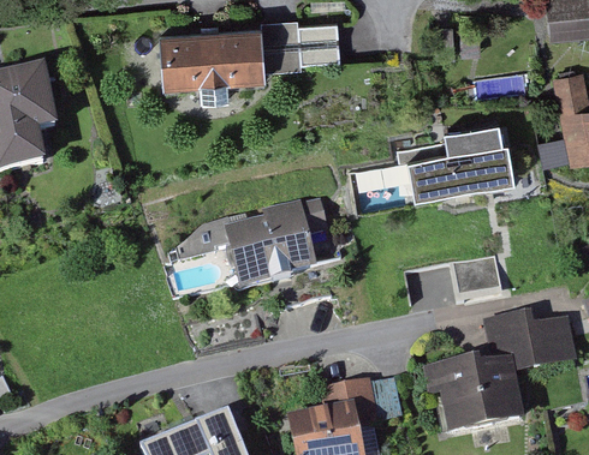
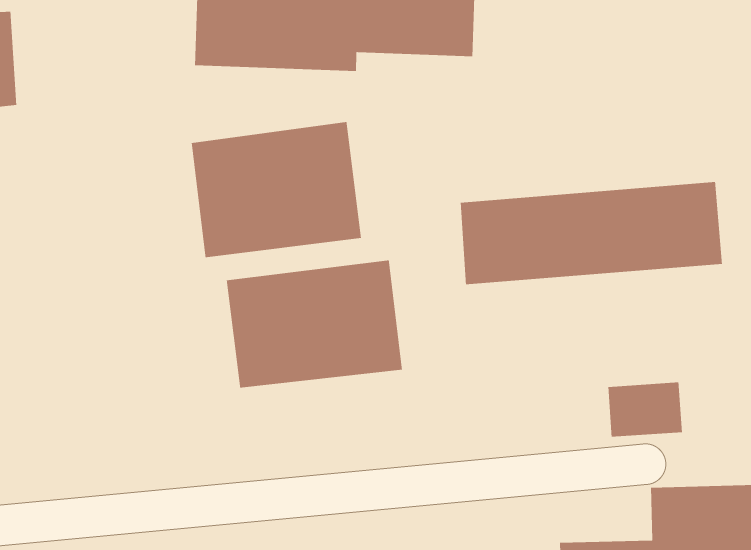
building: none -> [191,121,362,258]

